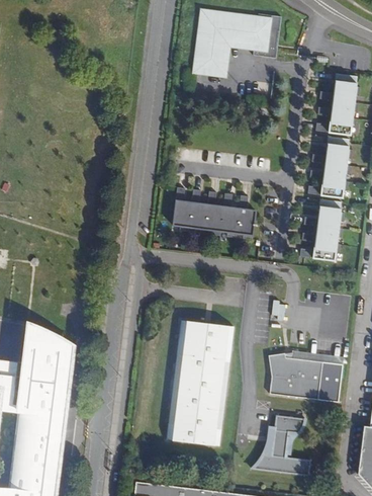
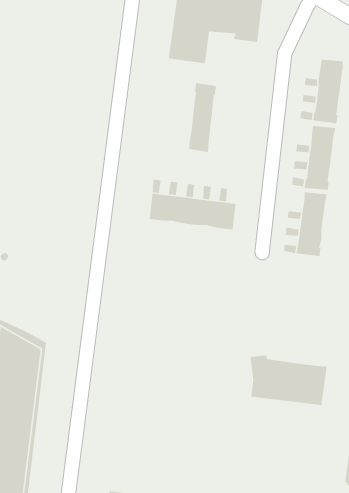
building: none -> [188,82,217,153]
building: [168,321,236,447] -> none
building: [253,416,310,476] -> none

